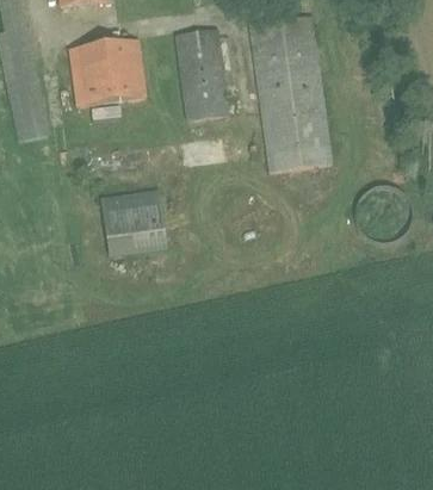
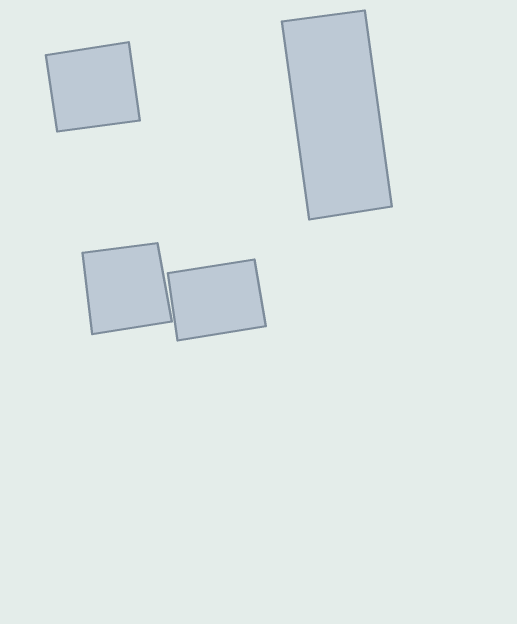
building: [175,29,228,120] -> none
building: none -> [168,260,266,340]

